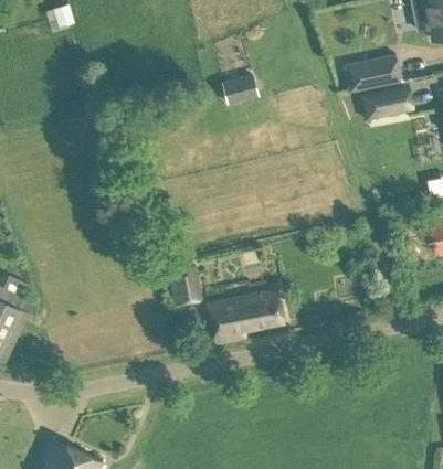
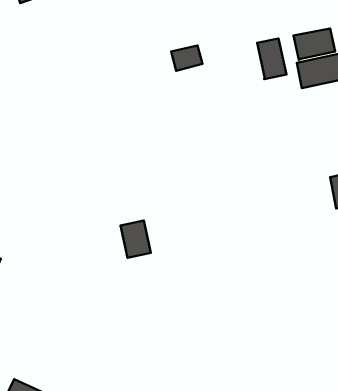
building: none -> [257,39,286,79]
building: [208,290,284,343] -> none

